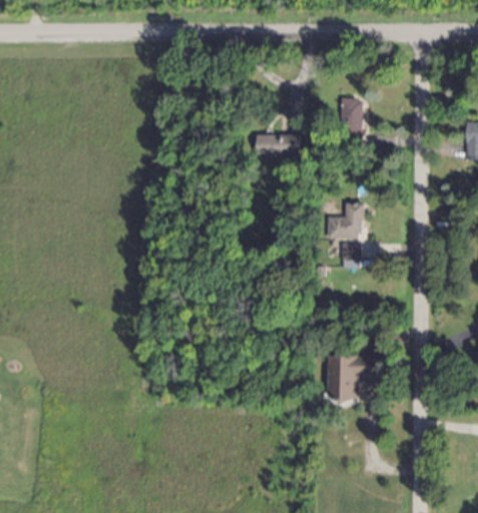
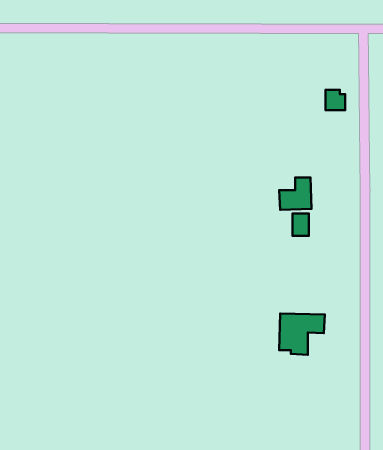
building: [340,97,362,120] -> [326,90,345,110]
building: [255,135,299,156] -> none

